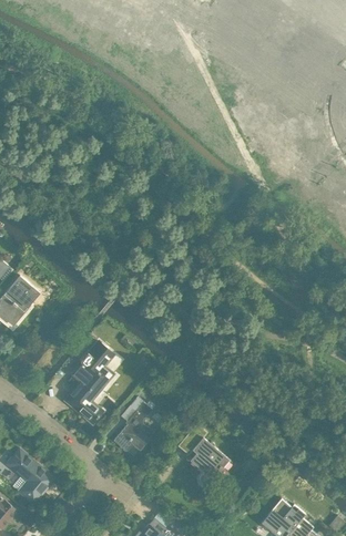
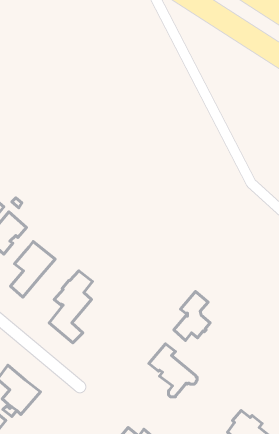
building: none -> [11,242,55,297]
building: [112,398,153,453] -> [174,291,210,341]

